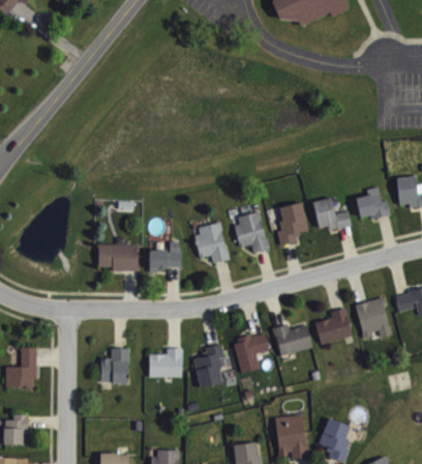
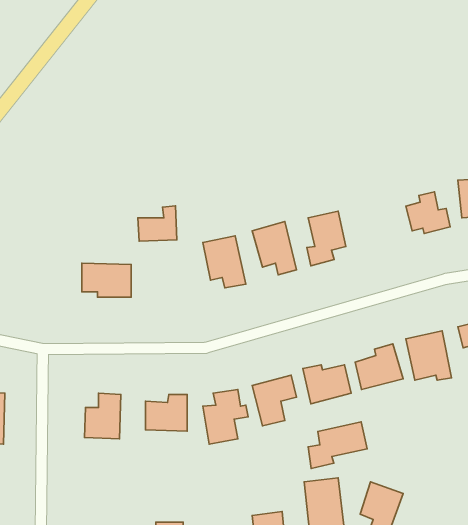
building: [313,197,352,231] -> none
building: [149,240,180,268] -> [138,206,177,241]
building: none -> [308,422,367,468]

